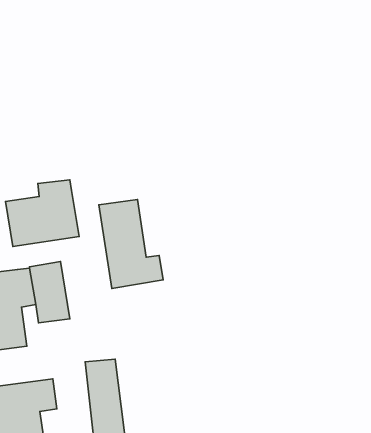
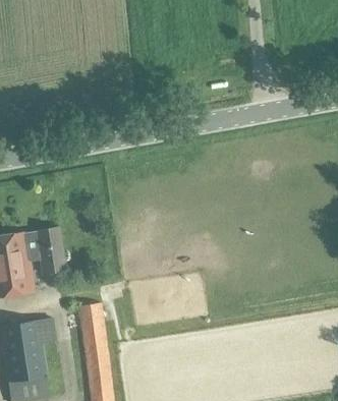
building: [6,180,79,247] -> none
building: [99,199,163,288] -> none

